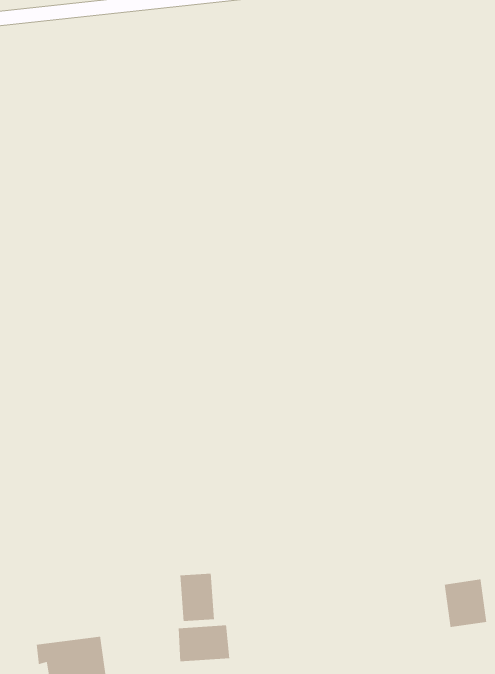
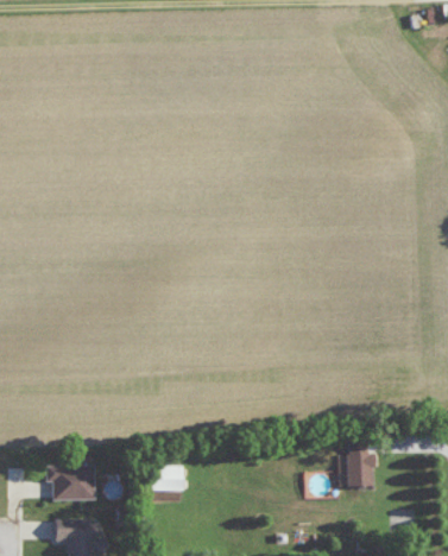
building: [179,573,215,622] -> none

